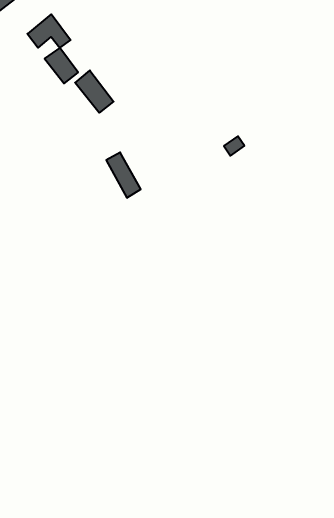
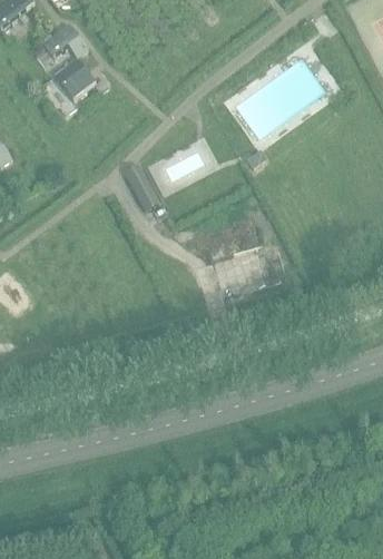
building: [75,70,114,113] -> none

